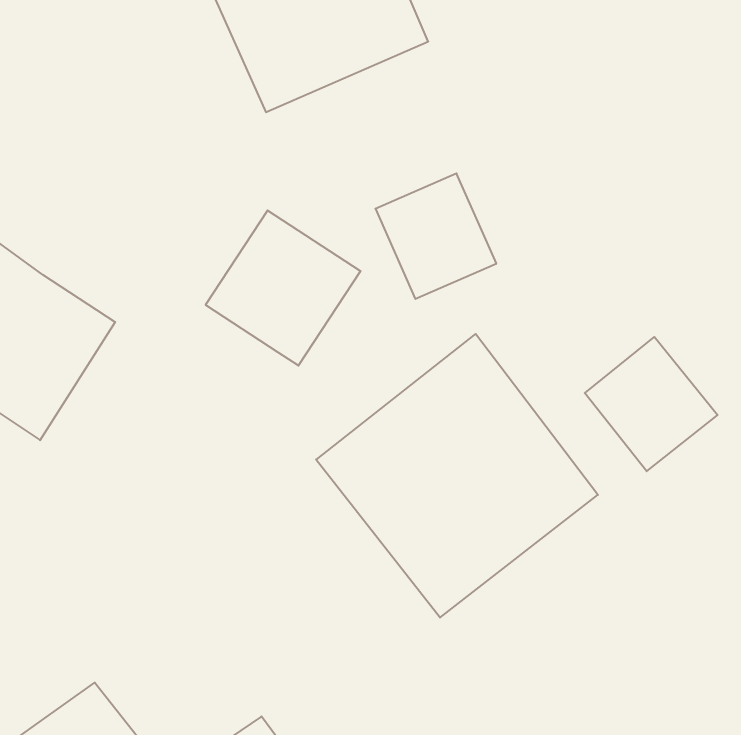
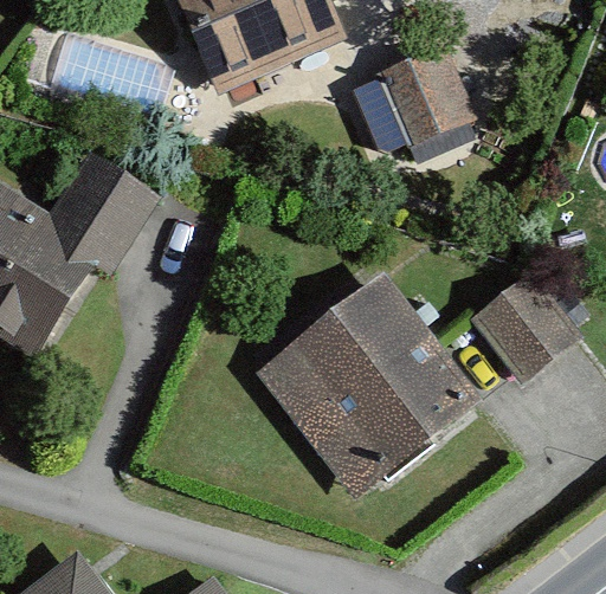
building: [375,173,496,299] -> [379,45,476,146]
building: [206,210,361,366] -> [37,149,161,273]

